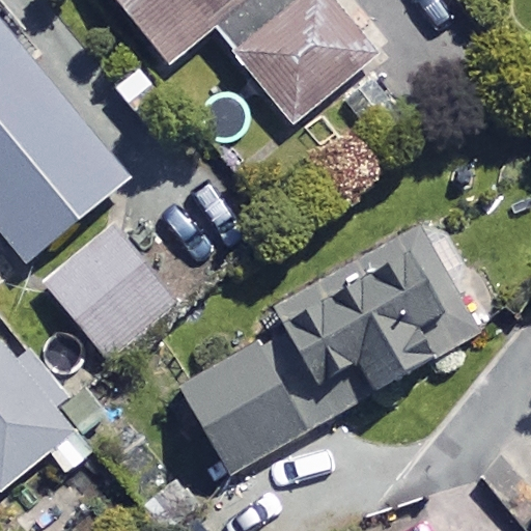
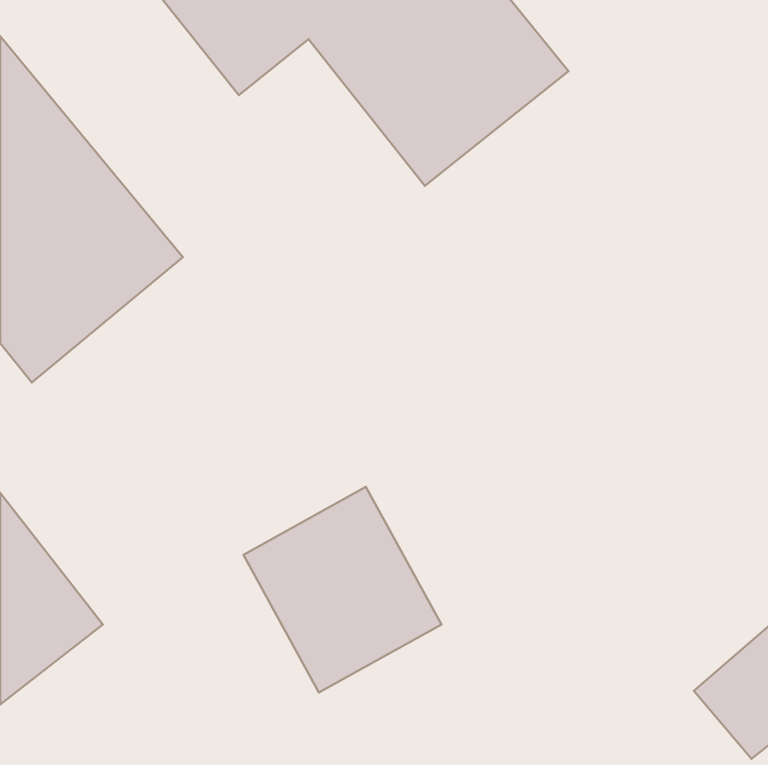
building: [47,227,176,358] -> none
building: [269,241,447,395] -> none

